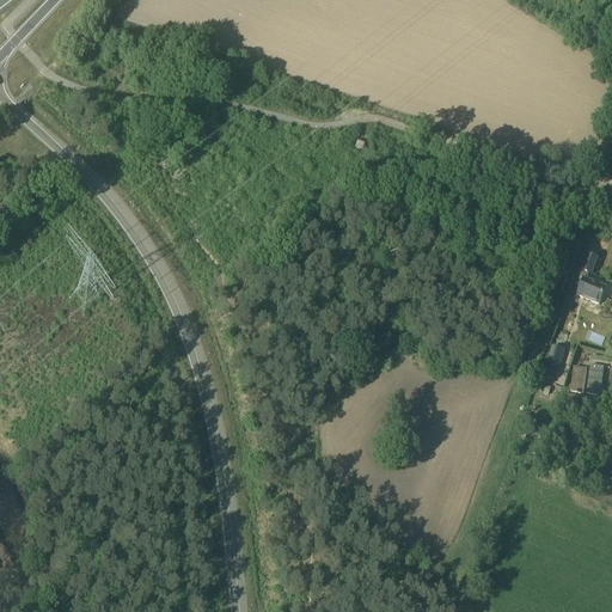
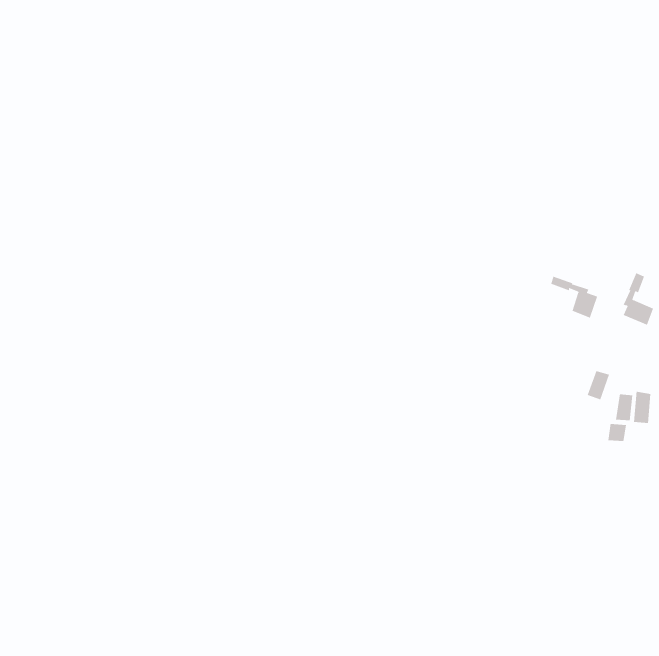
building: none -> [551,276,598,318]

